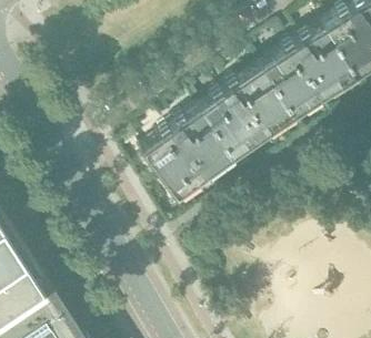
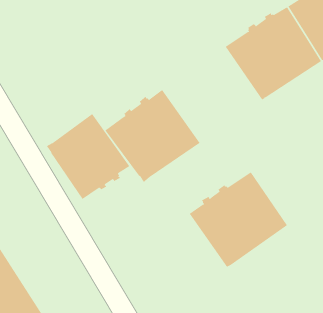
building: [197,66,295,162] -> [189,172,288,267]
building: none -> [46,113,130,200]

